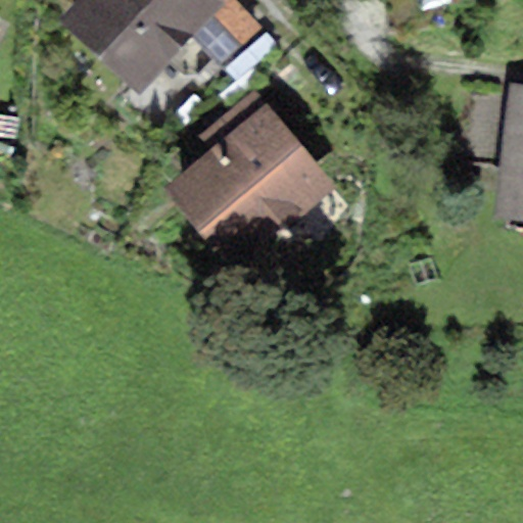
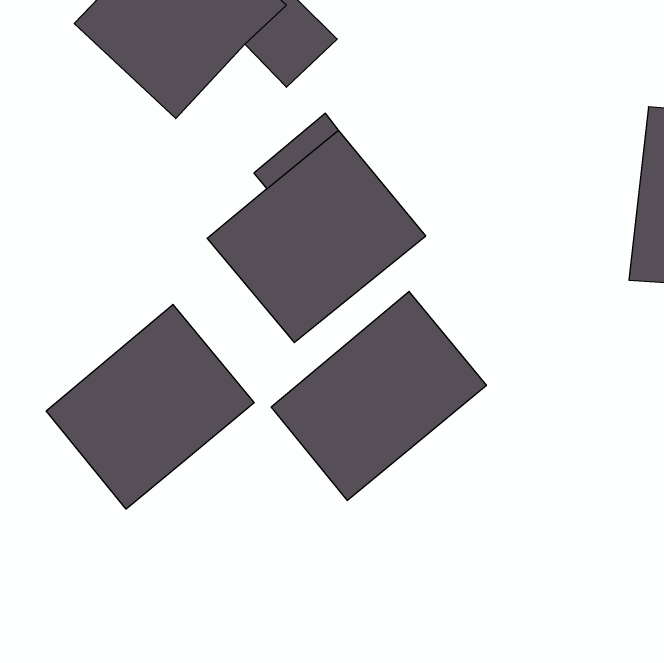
building: none -> [271,291,486,501]
building: none -> [46,304,254,509]

